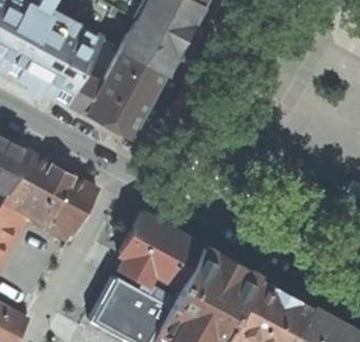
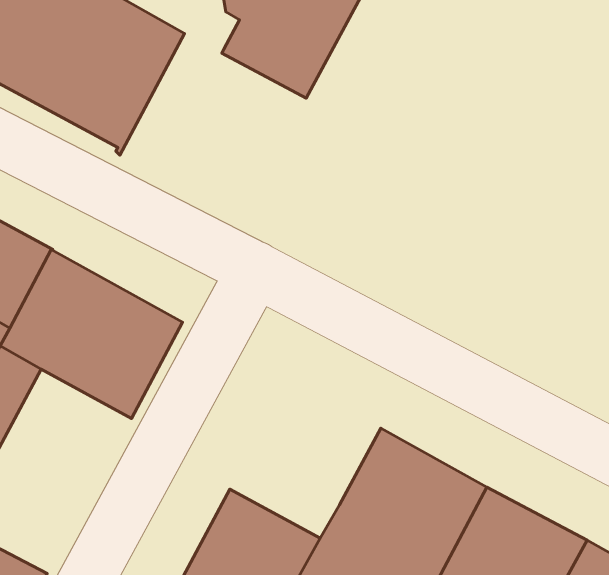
building: [66,37,165,138] -> none
building: [121,216,204,288] -> none

